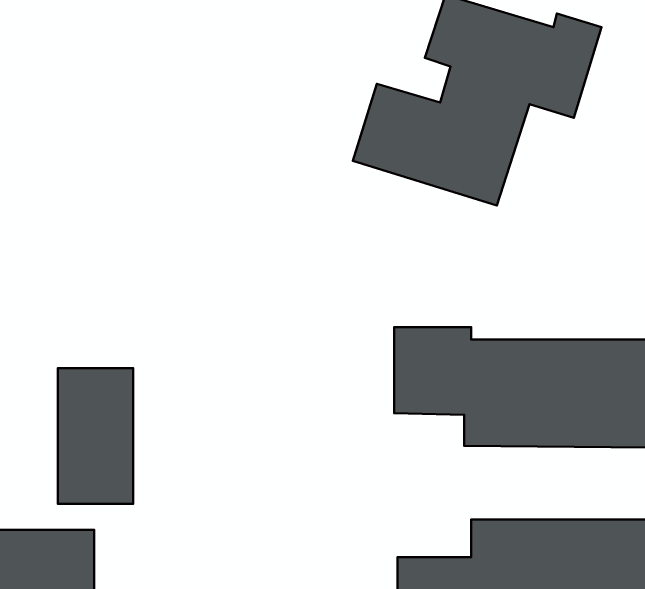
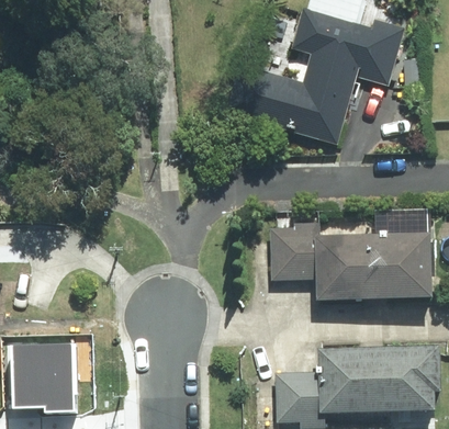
building: [58,368,133,504] -> none

